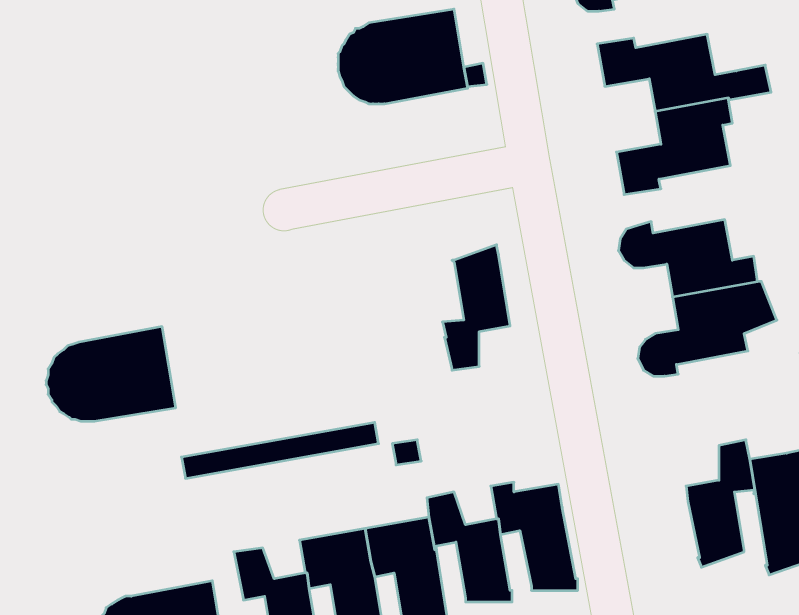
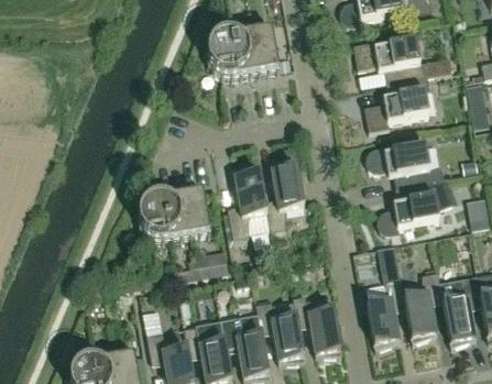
building: none -> [228,164,271,237]
building: [46,327,176,421] -> [136,186,210,240]
building: none -> [367,275,405,348]

